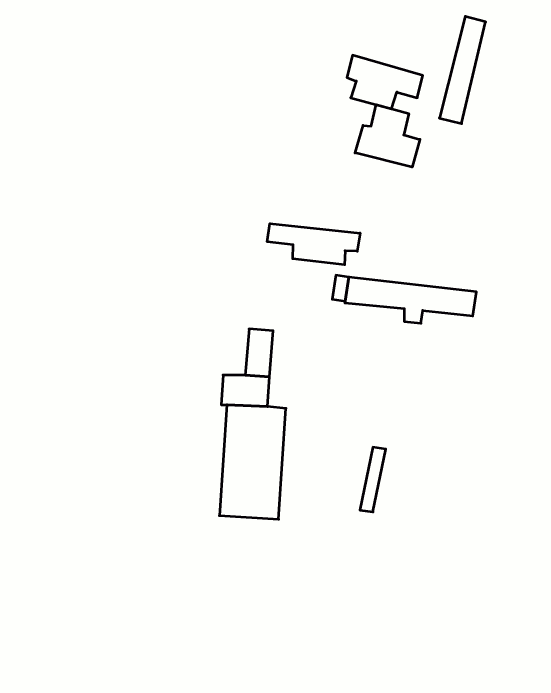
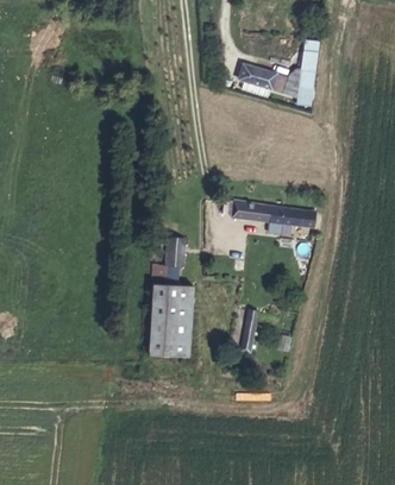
building: [355,105,420,167] -> none
building: [267,224,360,265] -> none

